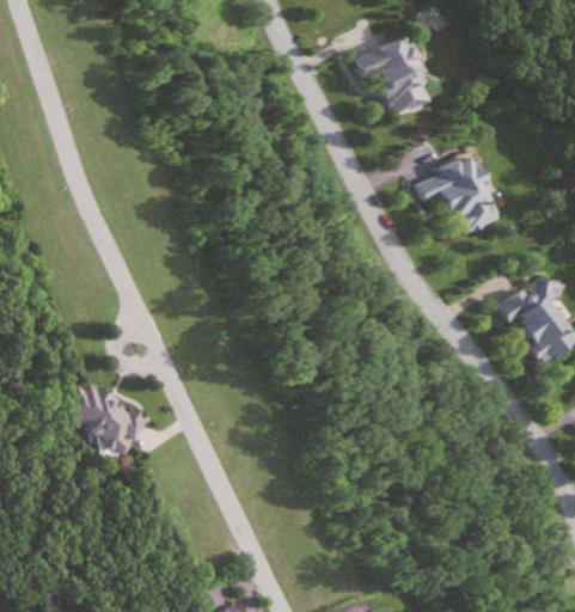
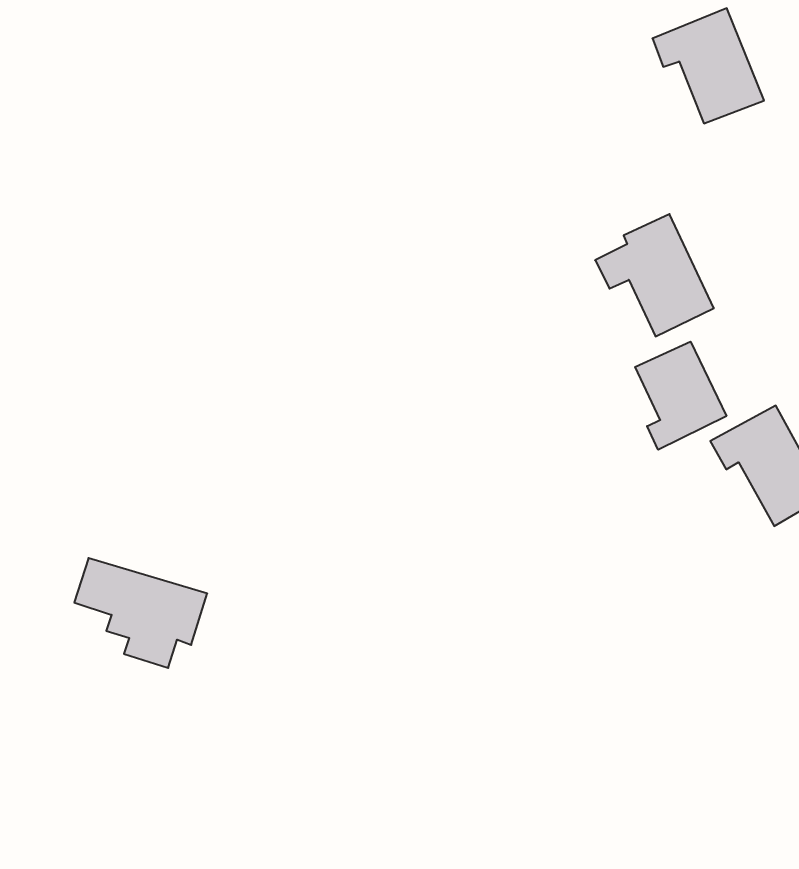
building: [357,36,433,114] -> [652,8,764,123]
building: none -> [635,342,726,450]

